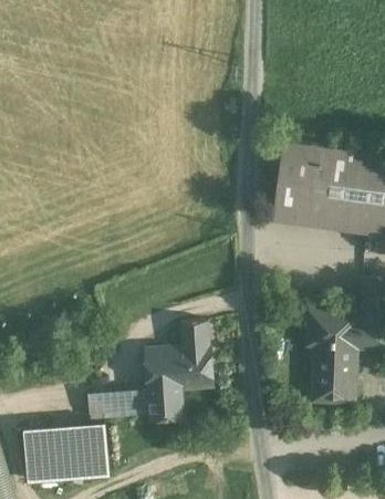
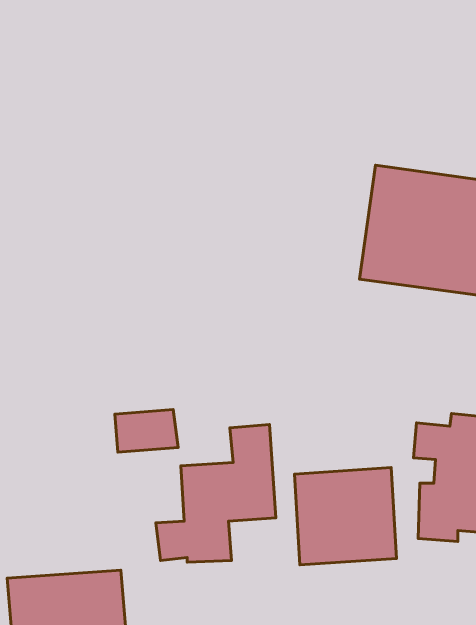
building: none -> [295,468,396,565]
building: [86,391,131,420] -> [115,409,178,452]

